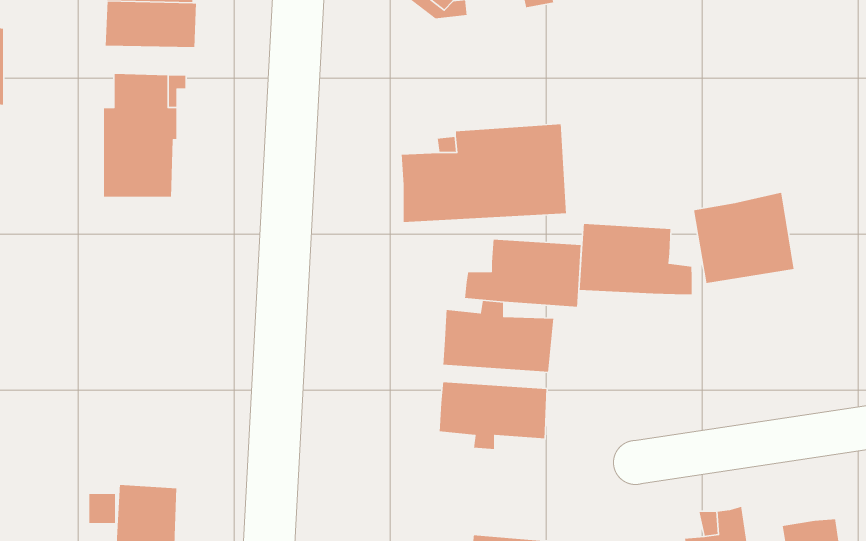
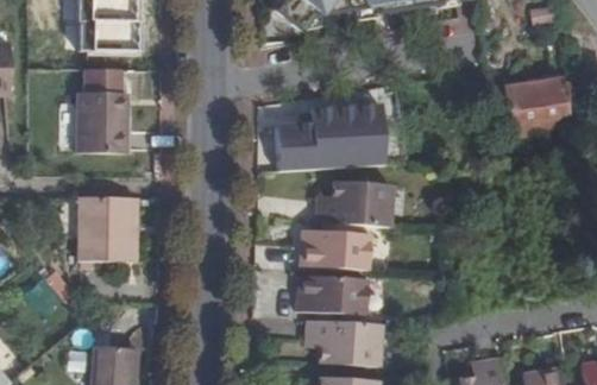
building: [693,192,794,284] -> [508,75,574,135]
building: [579,223,693,295] -> none
building: none -> [82,195,131,259]
building: none -> [309,316,384,359]

